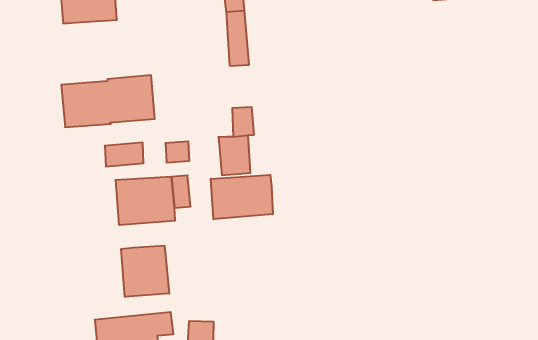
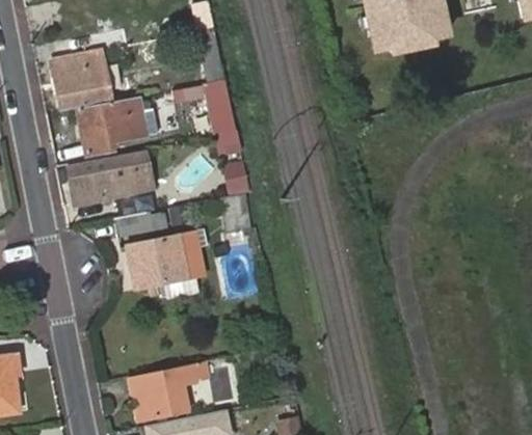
building: none -> [77,97,145,155]
building: [211,175,273,219] -> none
building: [121,246,169,297] -> none

